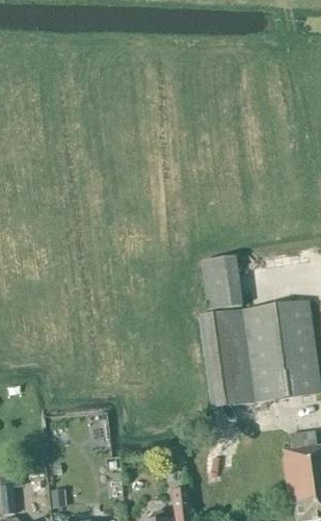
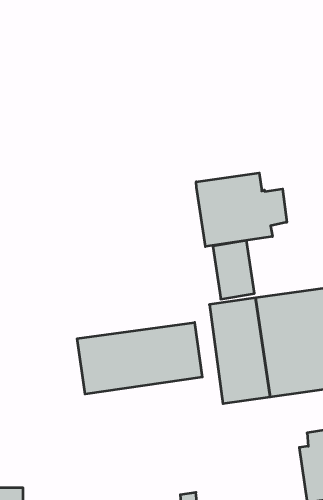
building: none -> [196,173,287,247]
building: none -> [77,322,202,394]

